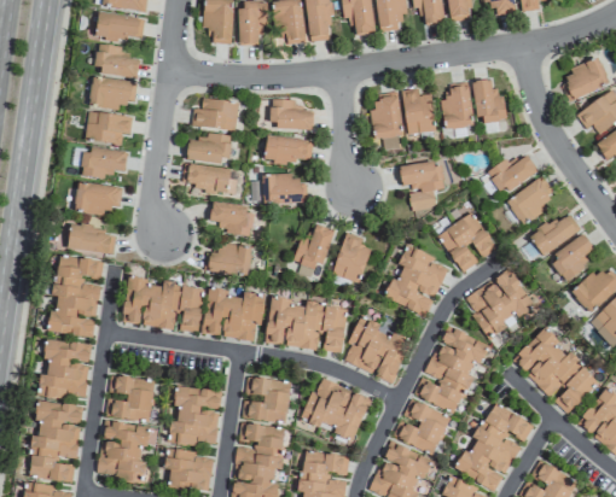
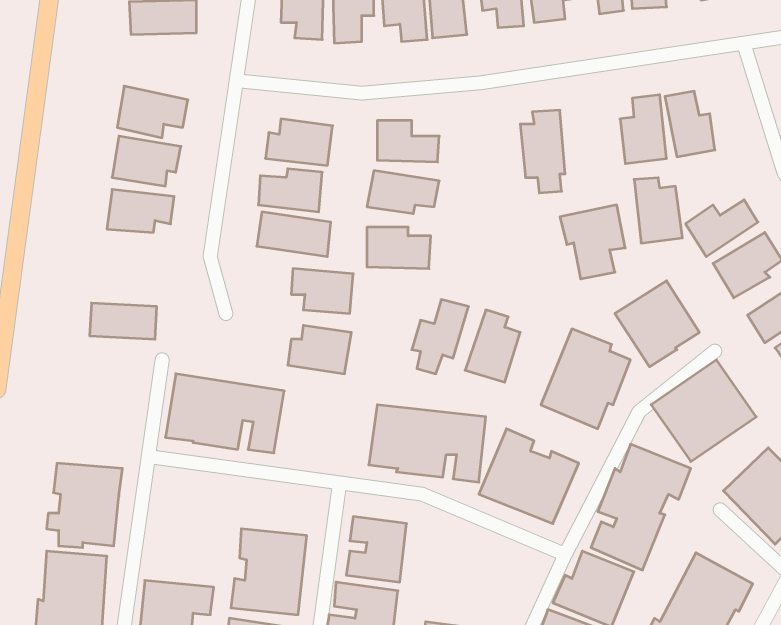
building: [94,45,140,76] -> none
building: [402,88,436,134] -> [634,178,682,243]
building: [74,181,122,215] -> none
building: [50,255,104,337] -> none
building: [203,288,265,340] -> none
building: [111,375,155,421] -> none
building: [301,376,371,442] -> none

